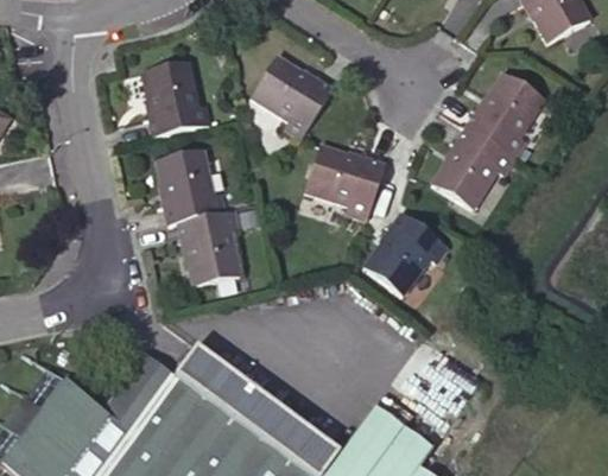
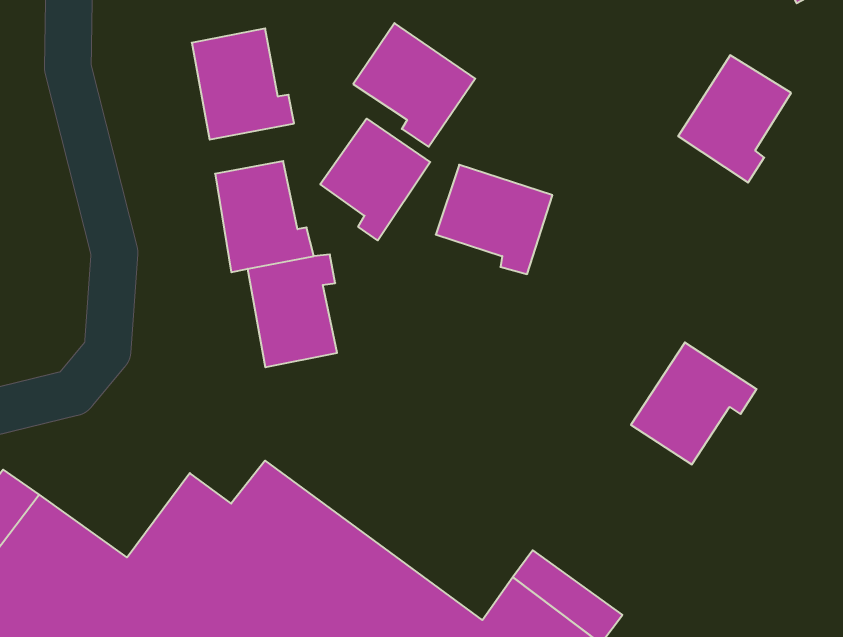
building: none -> [320,119,430,240]
building: [430,128,512,208] -> none
building: [368,214,451,294] -> [631,342,757,464]

